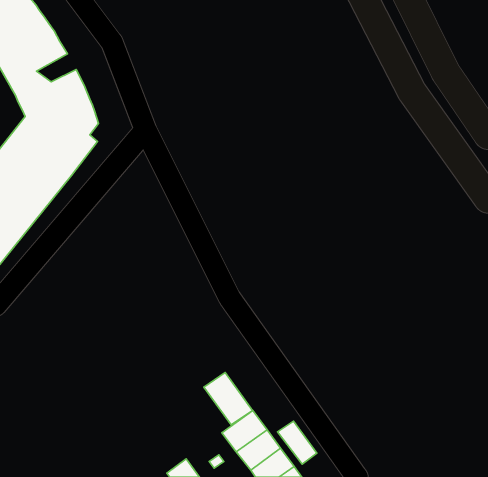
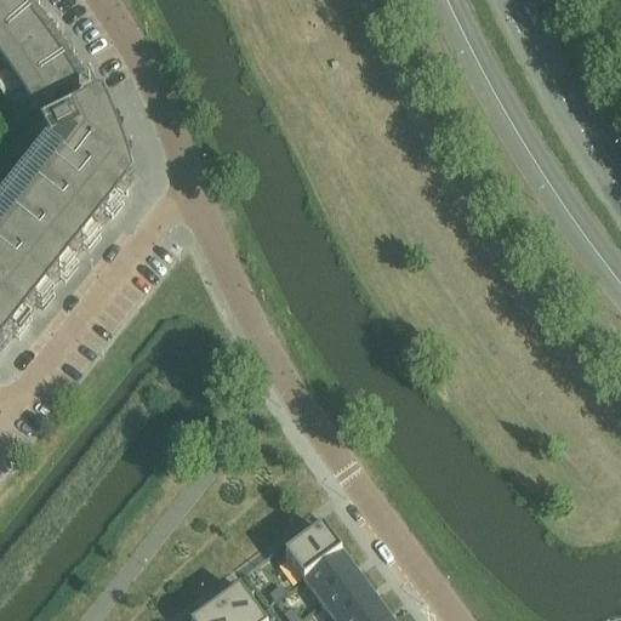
building: [204,373,252,425] -> none
building: [278,421,317,464] -> none

